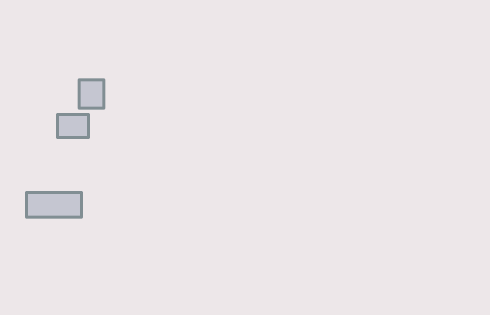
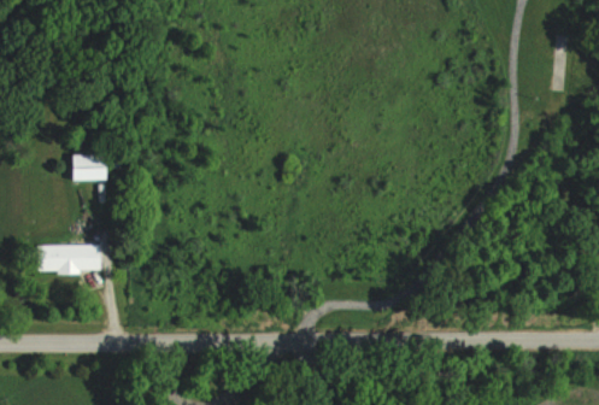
building: [79,80,104,108] -> none

